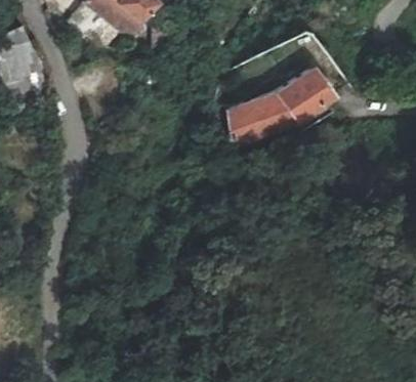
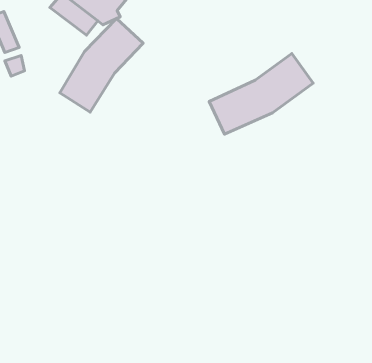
building: none -> [60,18,143,112]

